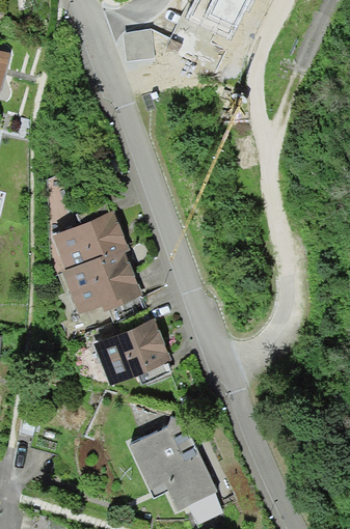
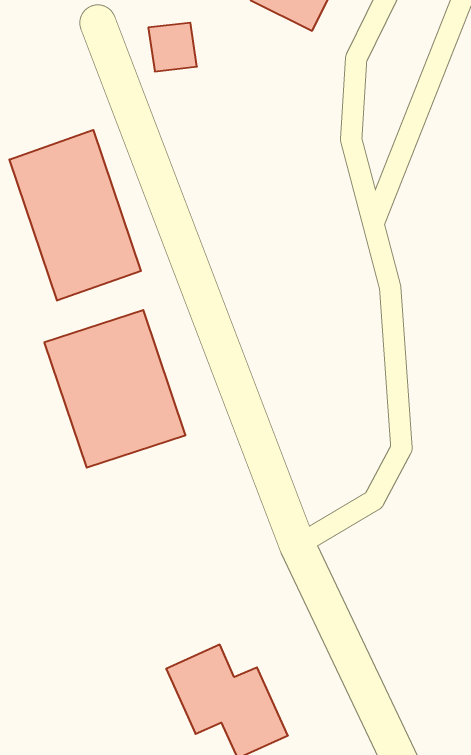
building: none -> [9,130,141,301]
building: [95,319,173,388] -> none

